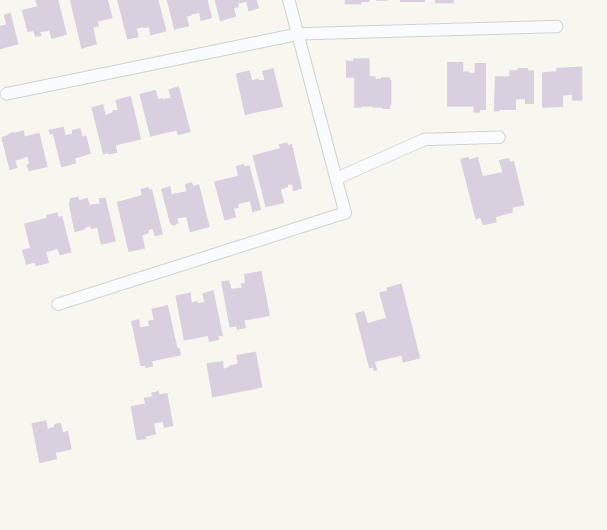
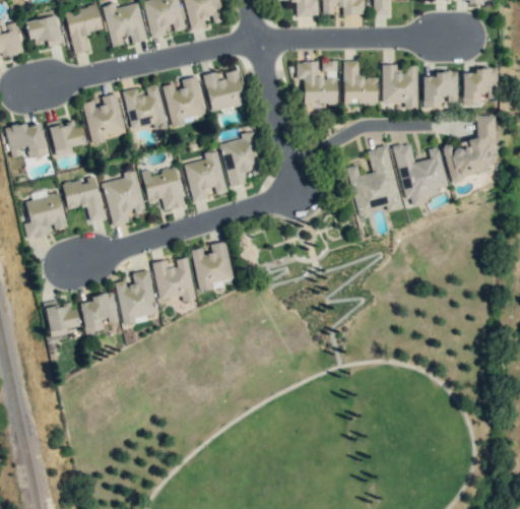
building: none -> [344,61,378,106]
building: none -> [162,76,204,126]
building: none -> [443,116,495,182]
building: [354,283,421,372] -> [347,143,404,218]
building: [206,351,263,398] -> none
building: [130,390,174,441] -> [81,292,119,334]
building: [30,420,72,464] -> [44,301,79,338]

